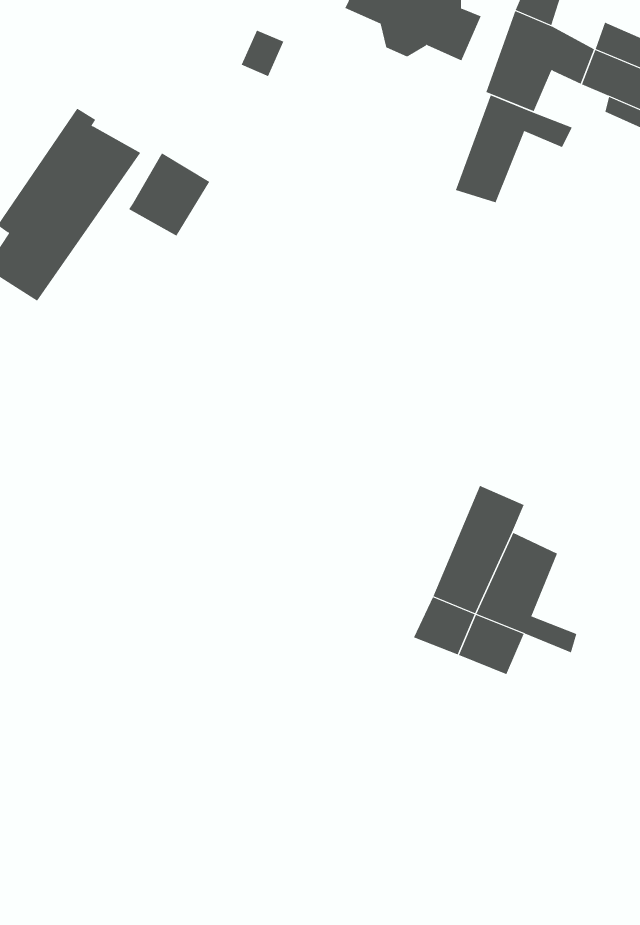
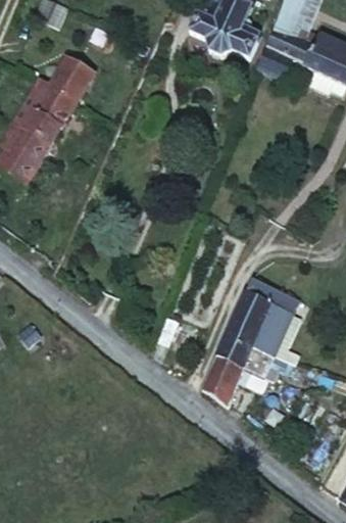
building: [455,94,572,203] -> none
building: [128,152,210,236] -> [52,58,95,102]
building: none -> [205,355,243,402]

